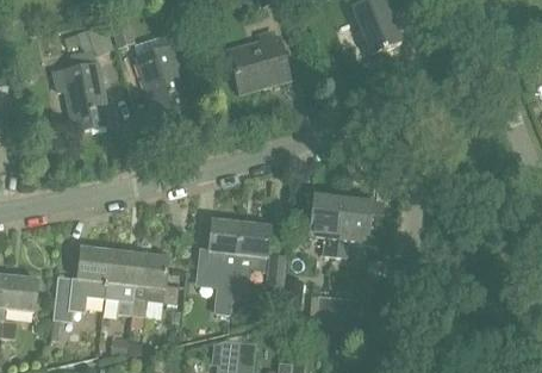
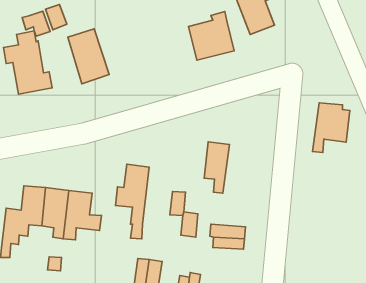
building: [228,27,286,89] -> [189,12,234,60]
building: [334,193,381,256] -> [313,103,350,152]
building: [231,222,269,297] -> none

